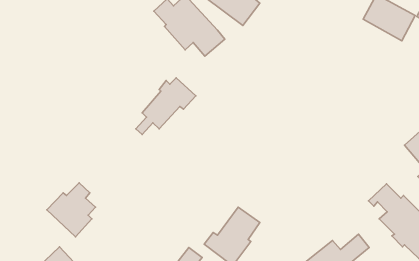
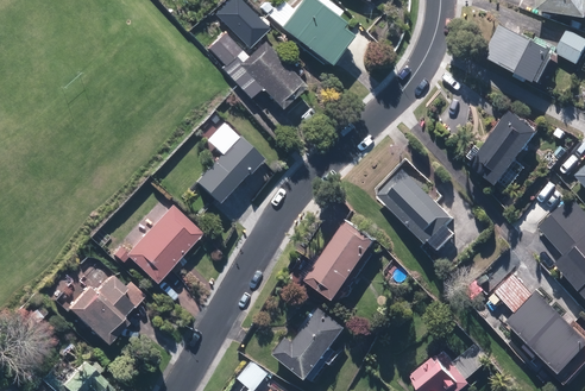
building: none -> [468,108,536,185]
building: none -> [377,169,455,253]
building: none -> [108,196,199,282]
building: none -> [304,219,378,301]

